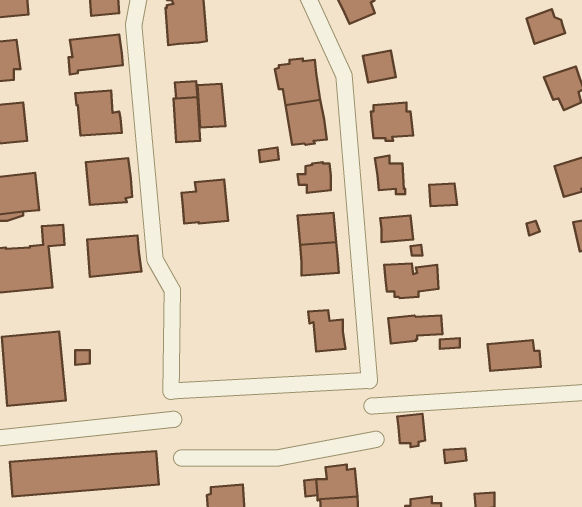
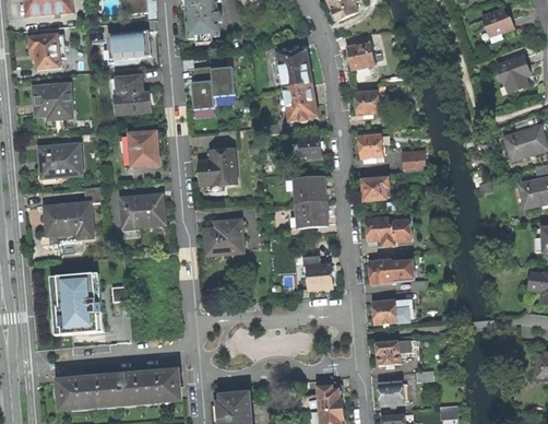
building: none -> [204,220,243,254]
building: [488,340,541,371] -> [372,298,416,323]
building: none -> [379,381,407,405]

